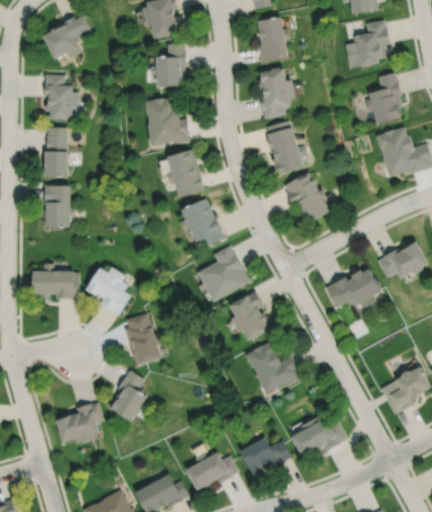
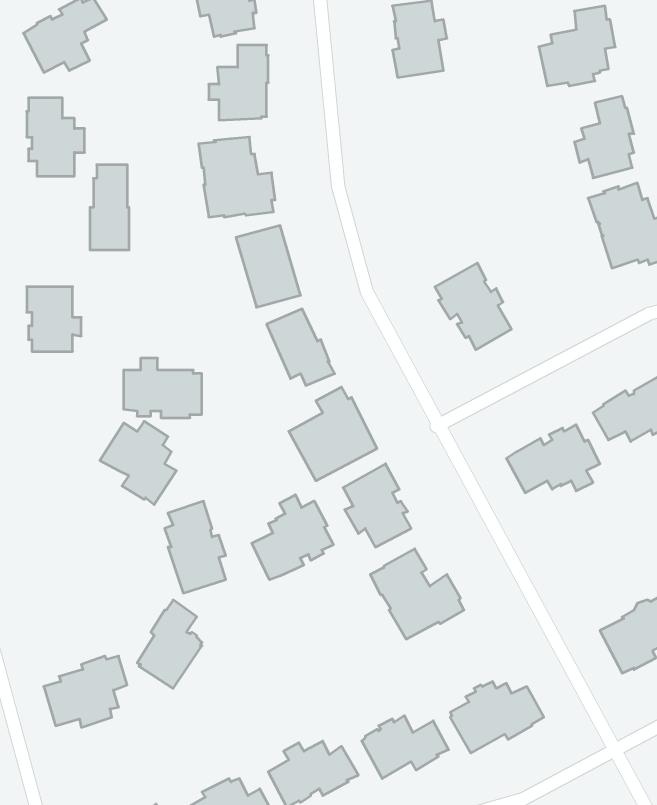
building: [259,69,296,119] -> none
building: [267,121,309,176] -> none
building: [44,128,67,178] -> [90,165,129,250]
building: [34,262,80,297] -> [124,358,202,418]
building: none -> [252,495,333,580]

